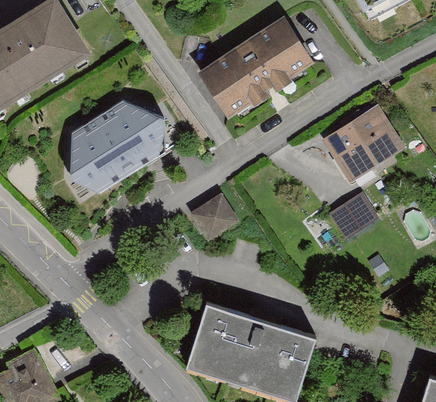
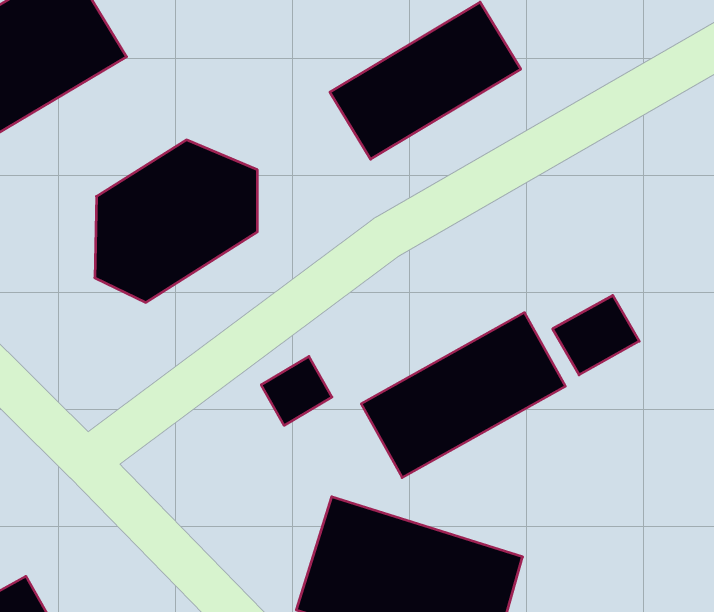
building: [334,111,397,173] -> none
building: [197,197,237,236] -> [261,356,332,425]
building: none -> [361,313,565,478]

